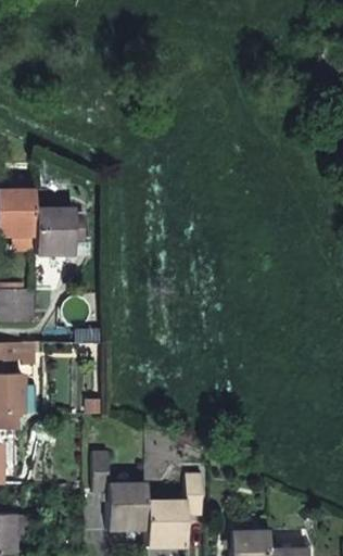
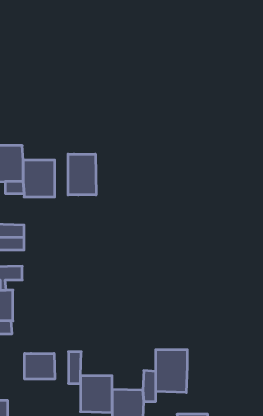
building: none -> [68,154,96,195]
building: none -> [156,350,187,393]
building: none -> [25,353,55,379]

